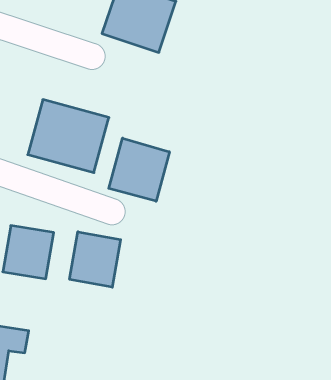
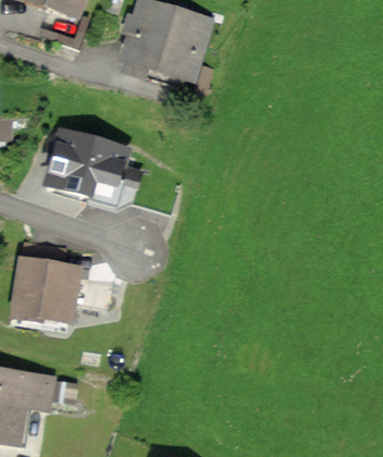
building: [109,138,169,201] -> none
building: [70,232,121,287] -> none

